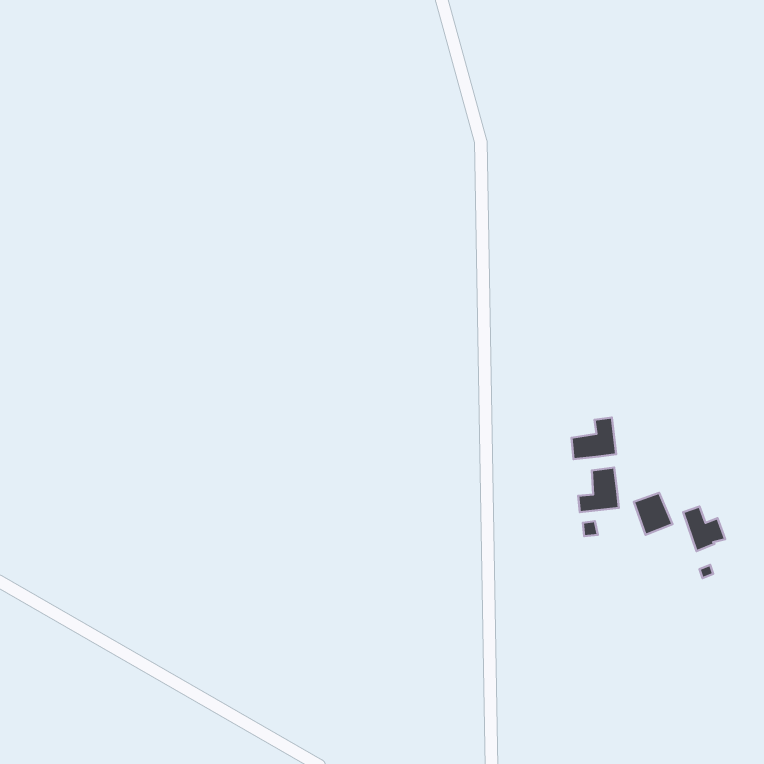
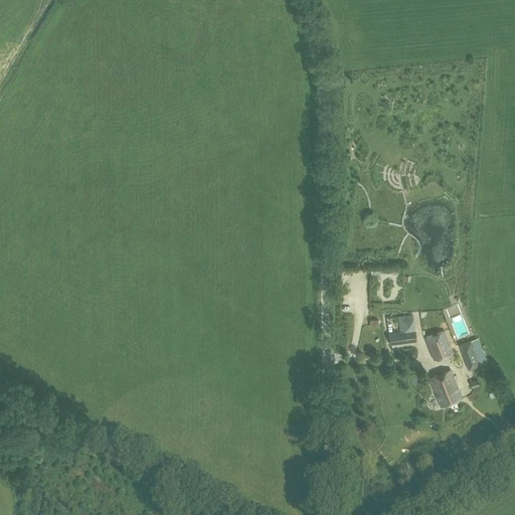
building: [571,417,616,459] -> none
building: none -> [430,370,461,407]

